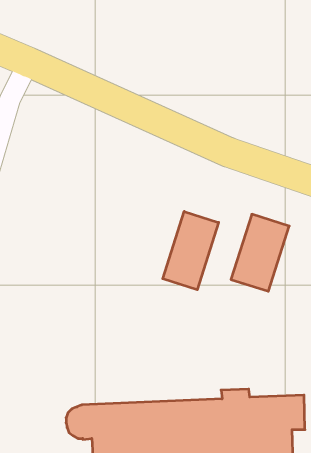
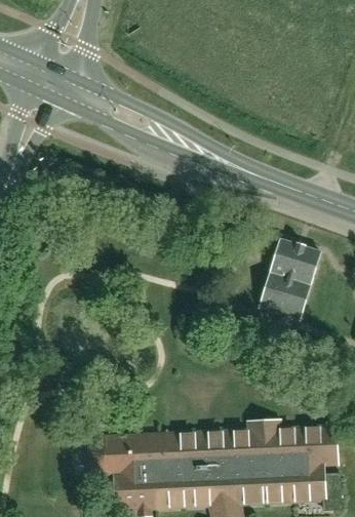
building: [163,211,219,290] -> none

